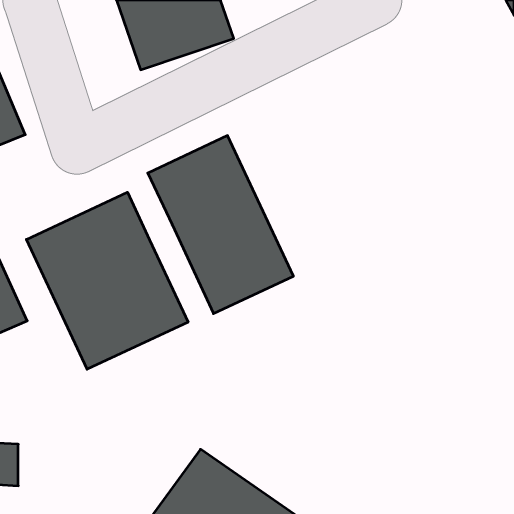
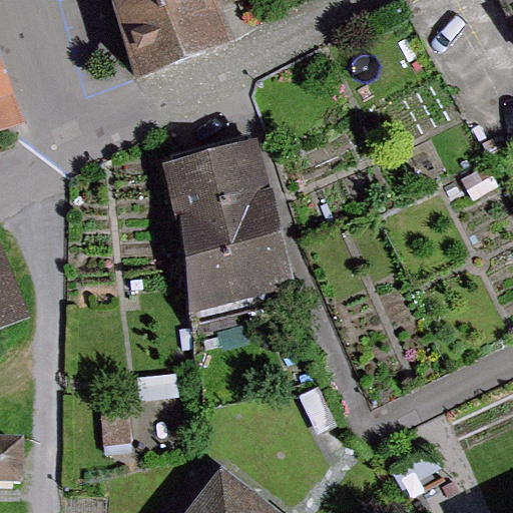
building: [26,192,188,369] -> none

